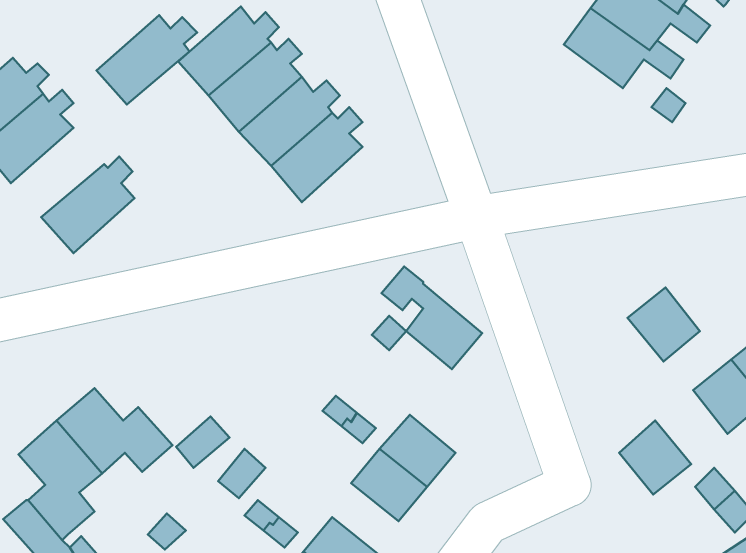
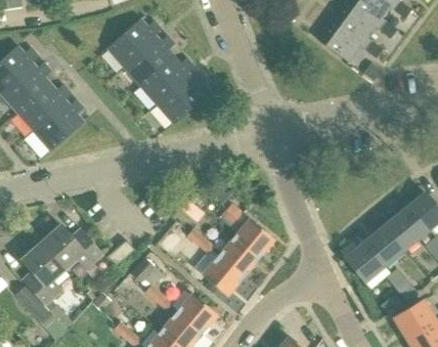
building: [97,15,197,105] -> [17,84,72,132]
building: [381,267,482,369] -> [219,204,273,259]
building: [628,288,700,362] -> [364,225,403,265]

